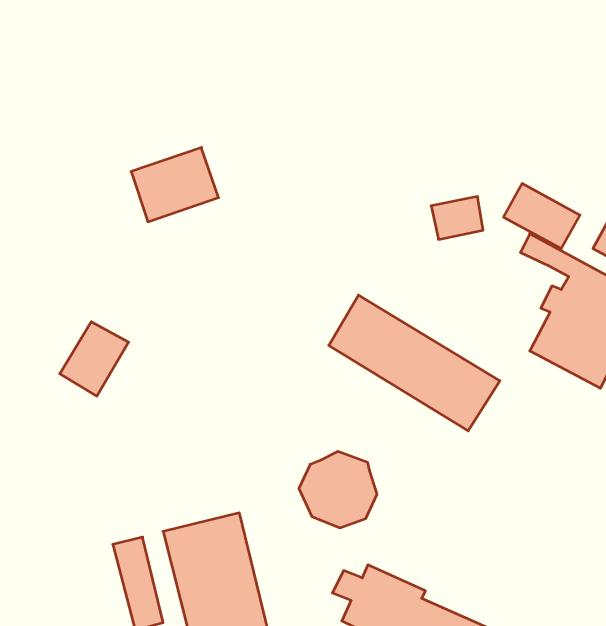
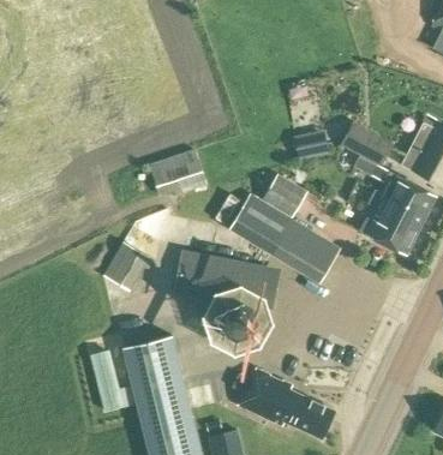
building: [131,147,219,222] -> [149,149,205,197]
building: none -> [261,174,305,217]
building: [60,322,129,396] -> [103,241,148,289]
building: none -> [170,250,279,310]

